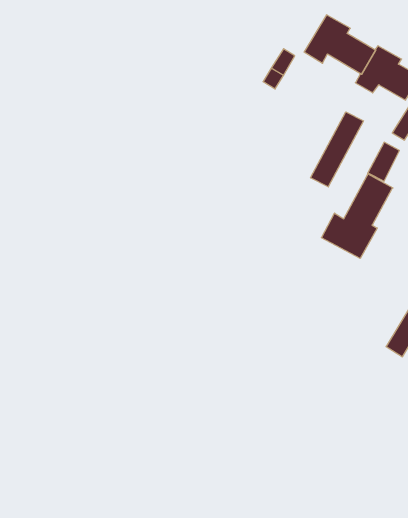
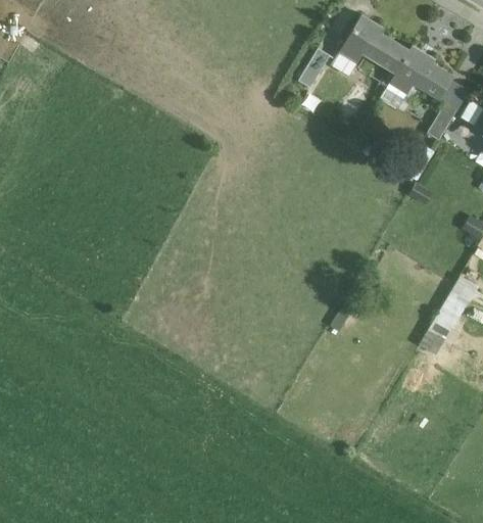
building: [311,112,363,187] -> none
building: [321,174,393,258] -> none

